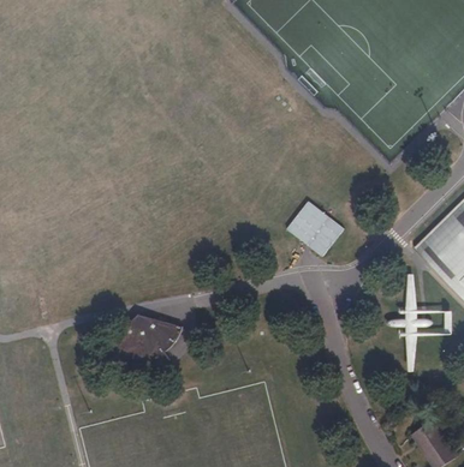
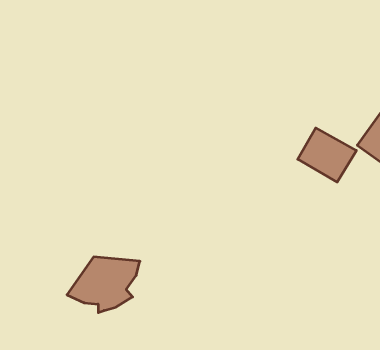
building: [287,199,346,256] -> [298,128,356,182]

